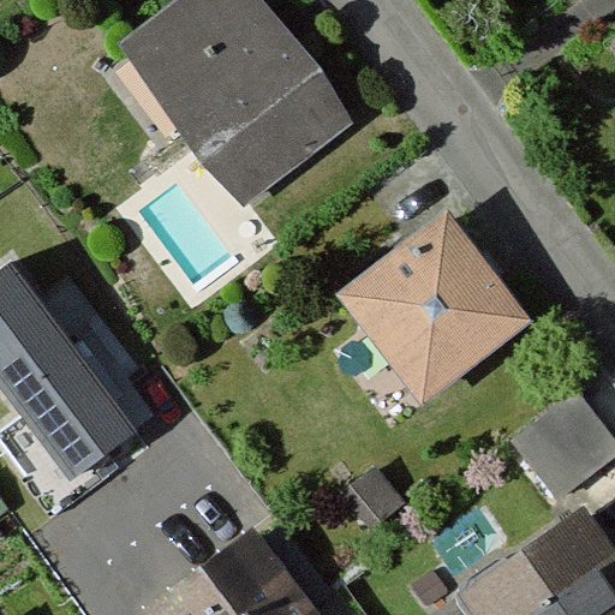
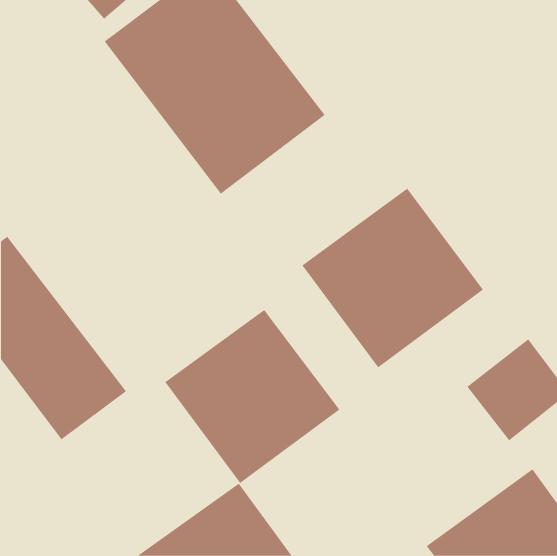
building: none -> [165,309,340,484]

